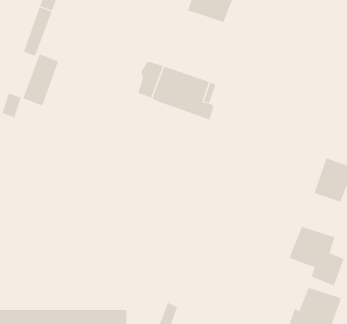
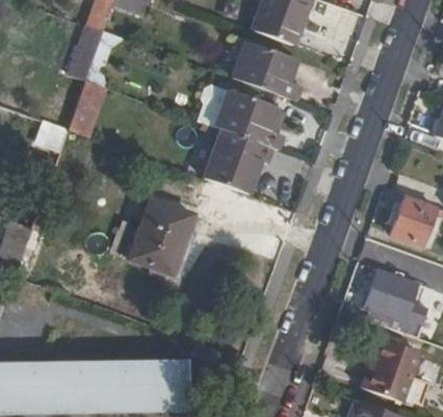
building: none -> [231,43,301,102]
building: none -> [203,131,277,194]
building: none -> [129,201,193,284]

